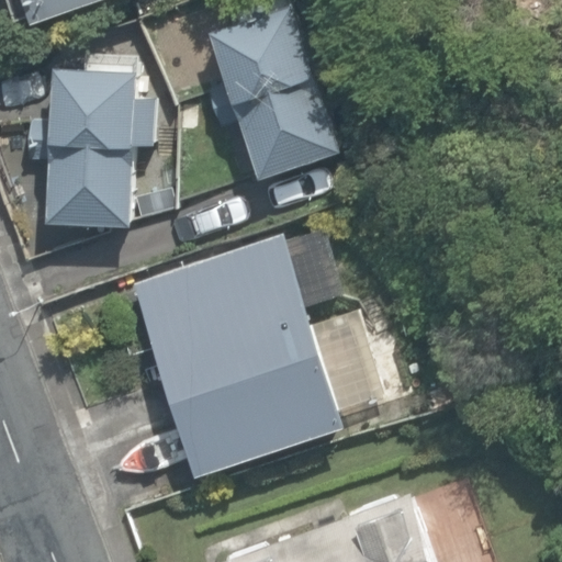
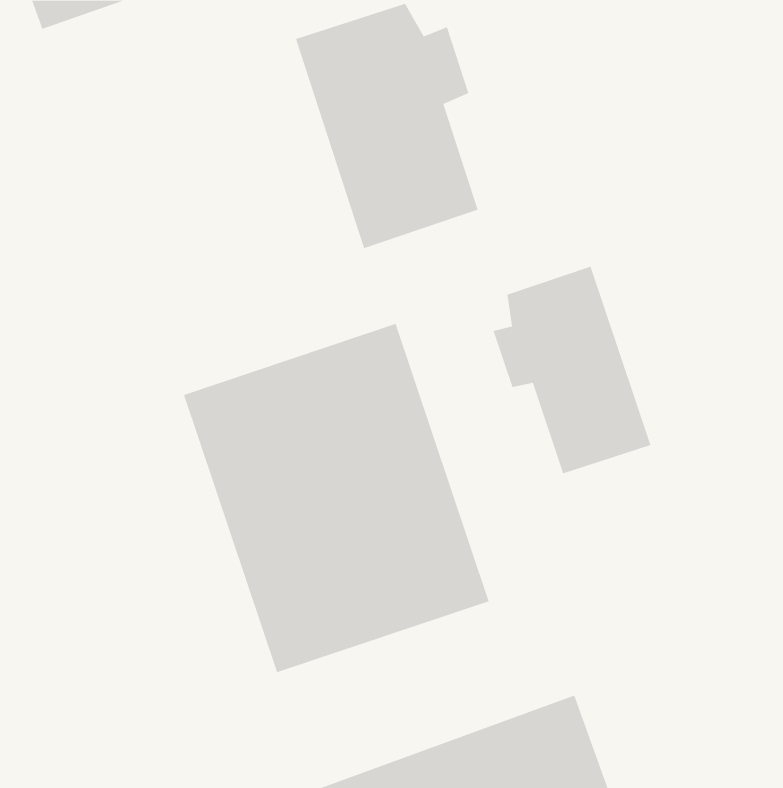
building: [46,71,154,229] -> none
building: none -> [493,266,651,474]

